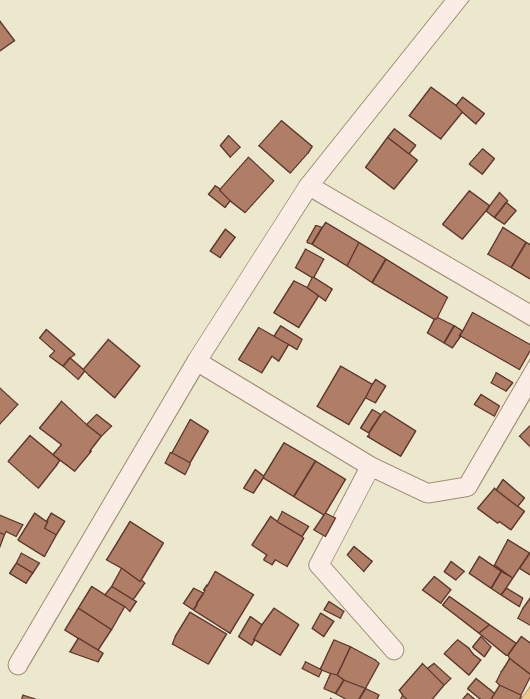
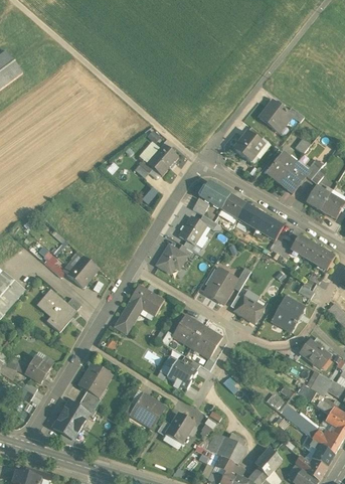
building: [259,121,312,173] -> none
building: none -> [268,152,296,182]
building: none -> [128,284,163,316]
building: none -> [273,296,305,330]
building: [8,435,60,488] -> none
building: [172,612,227,664] -> none

